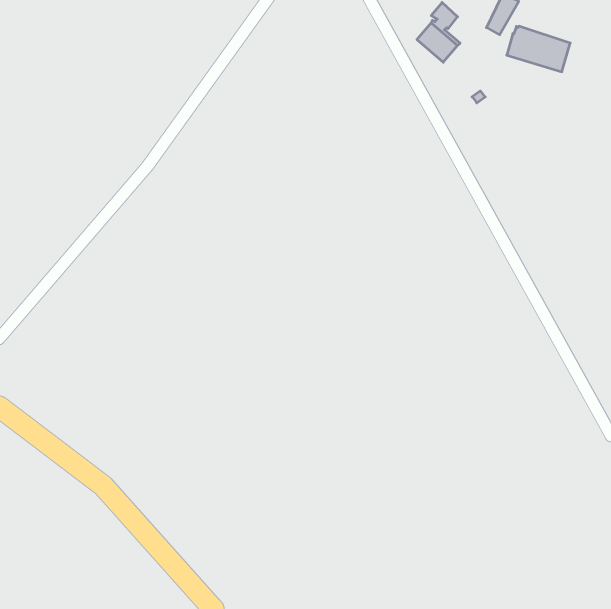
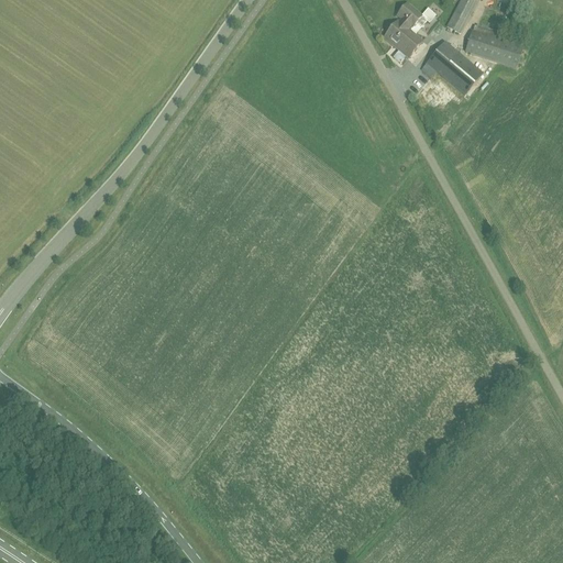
building: none -> [420,41,483,96]

